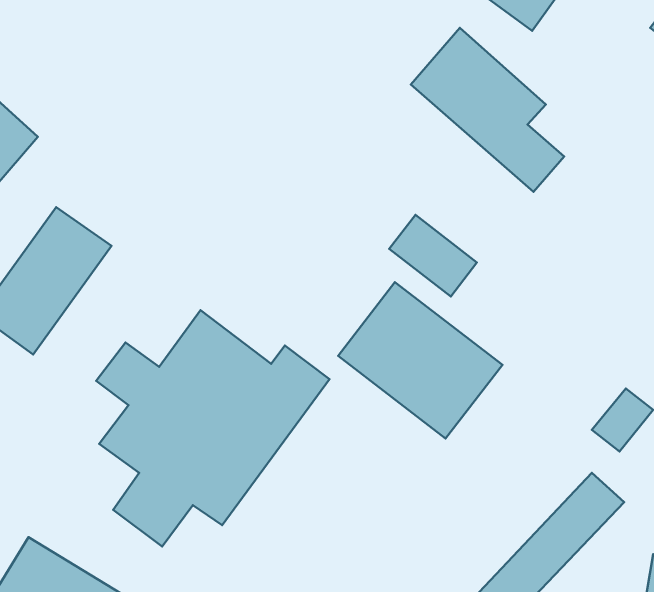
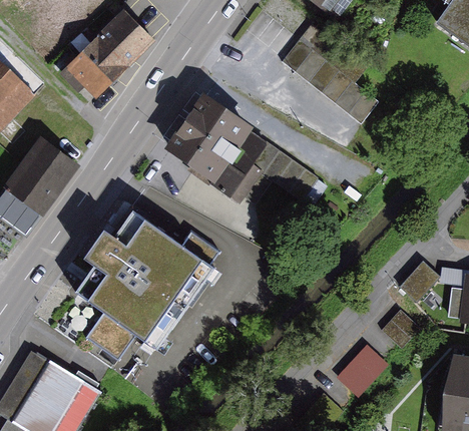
building: none -> [71,10,155,97]
building: [338,282,502,439] -> [165,93,273,195]

